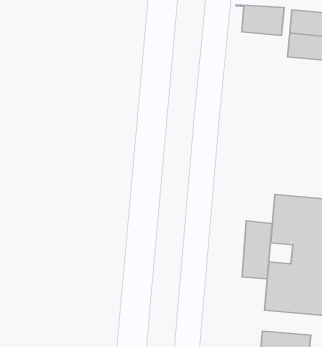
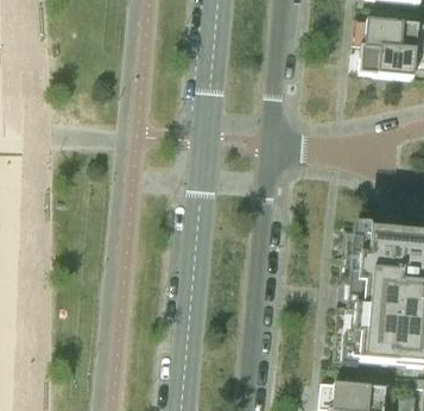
building: [236,5,284,35] -> none
building: [242,221,272,279] -> none

